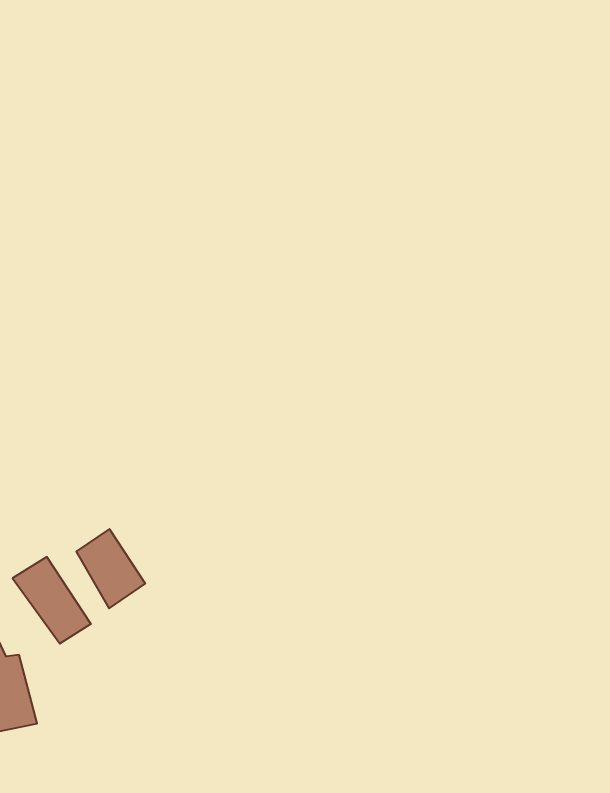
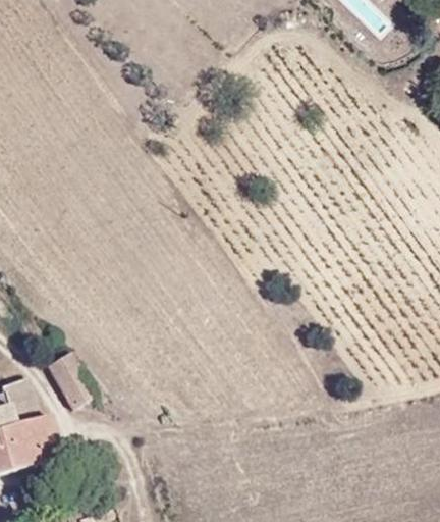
building: [76,529,145,608] -> none

